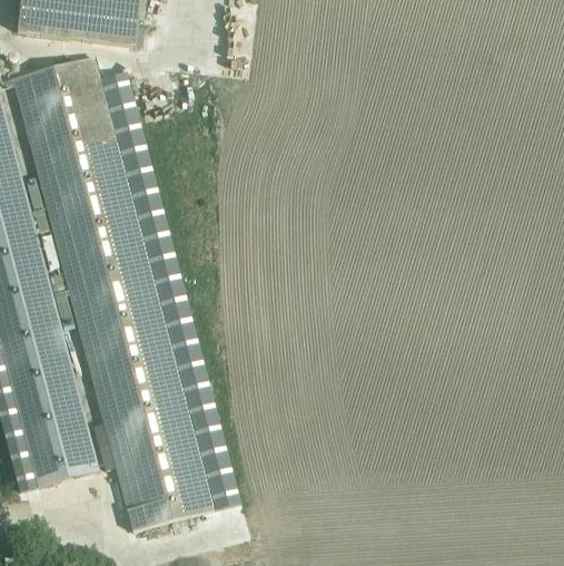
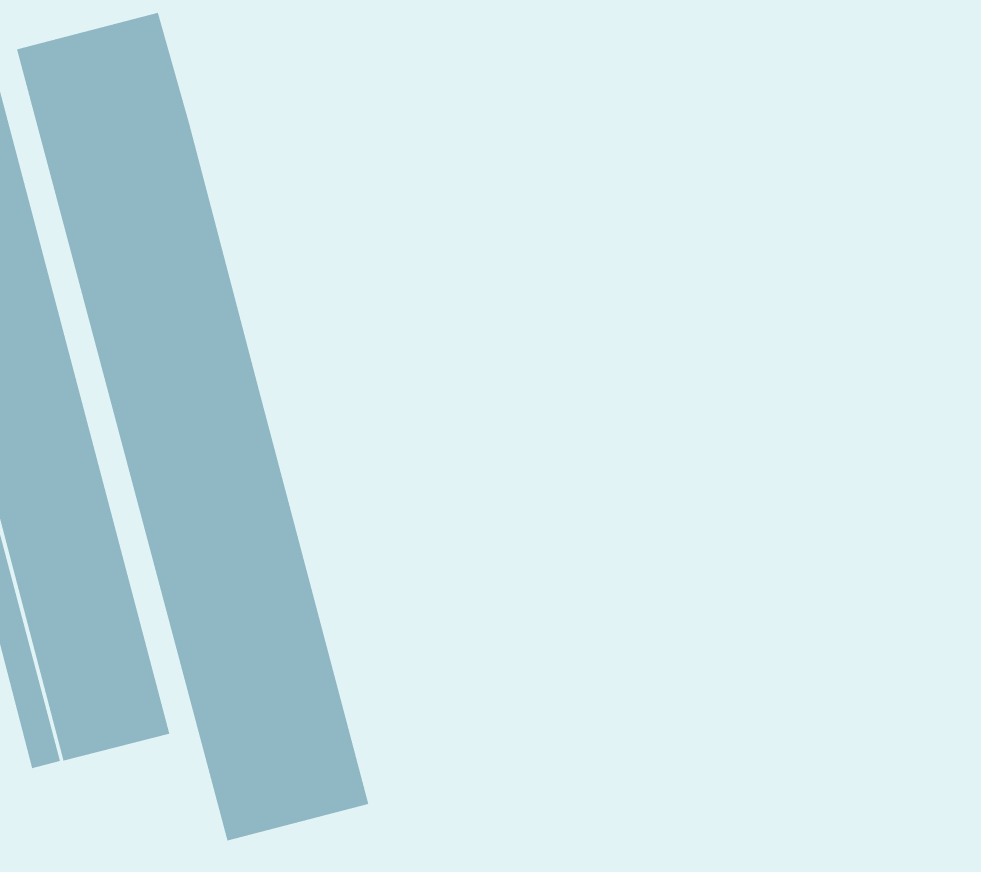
building: [101,69,240,508] -> none

